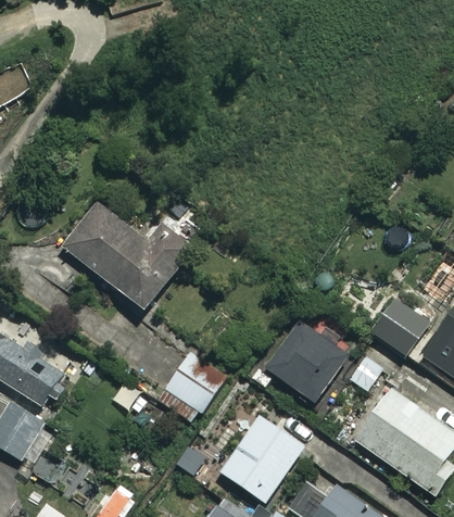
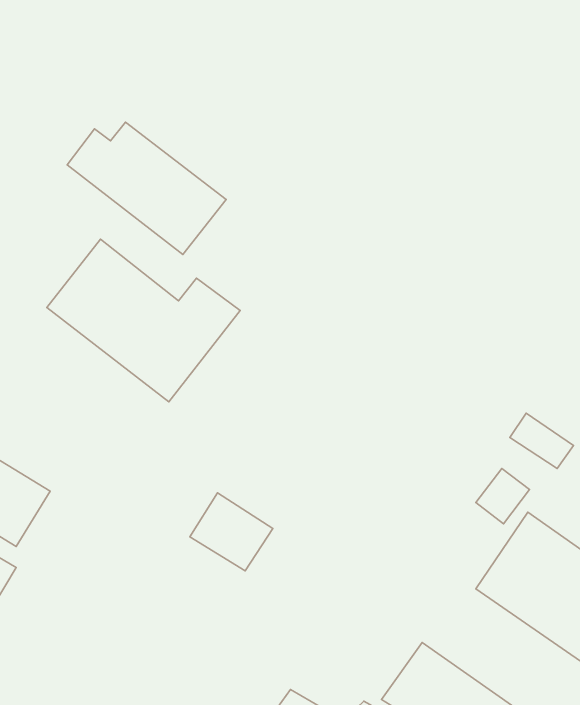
building: none -> [67,122,226,255]
building: [264,315,351,402] -> none
building: [217,413,304,502] -> none

